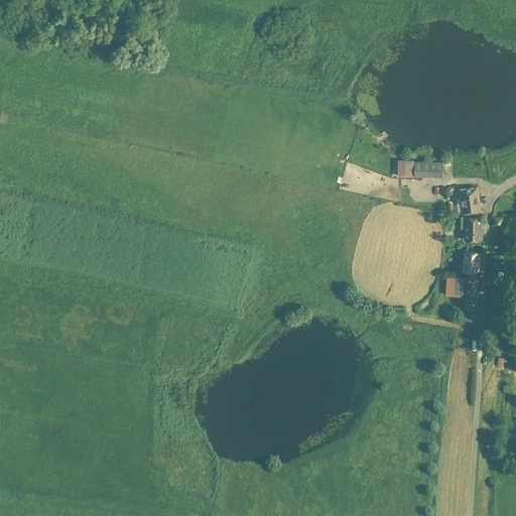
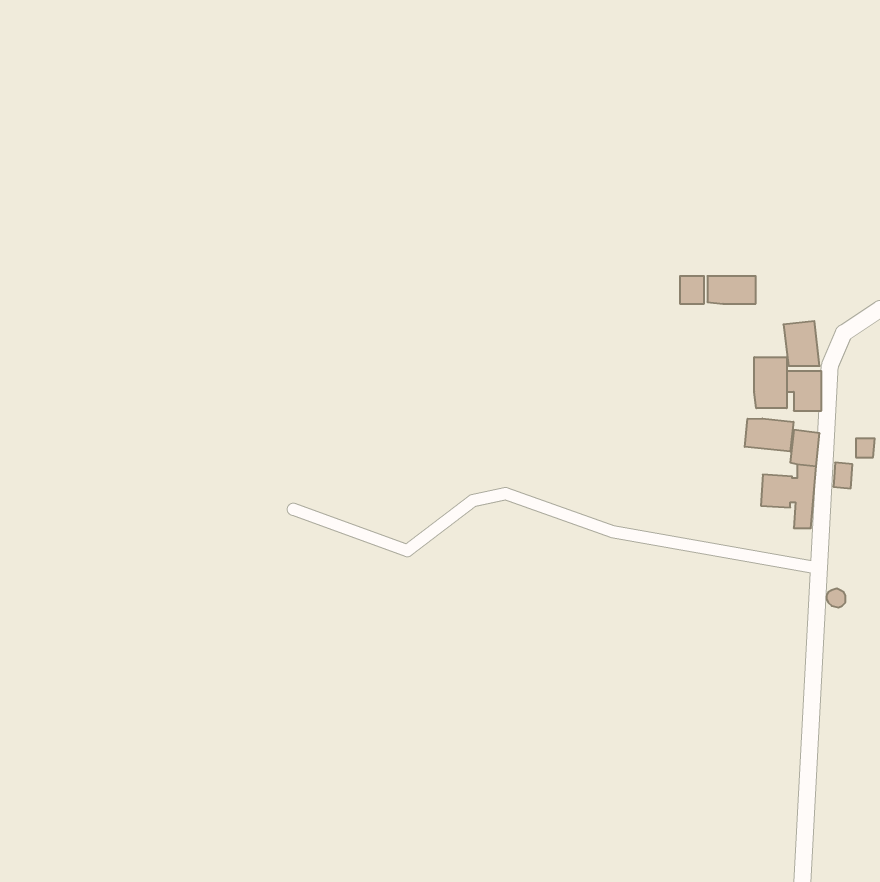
building: none -> [754,357,787,408]
building: none -> [745,418,793,452]

